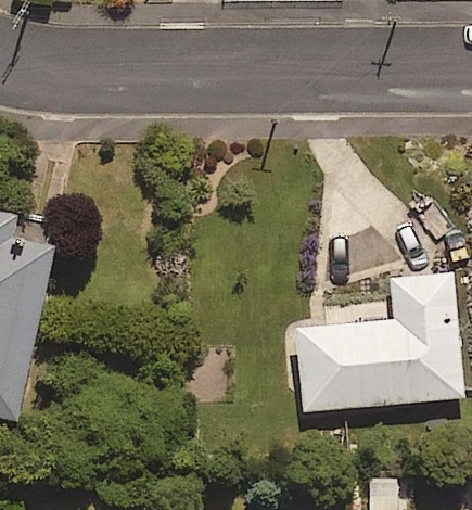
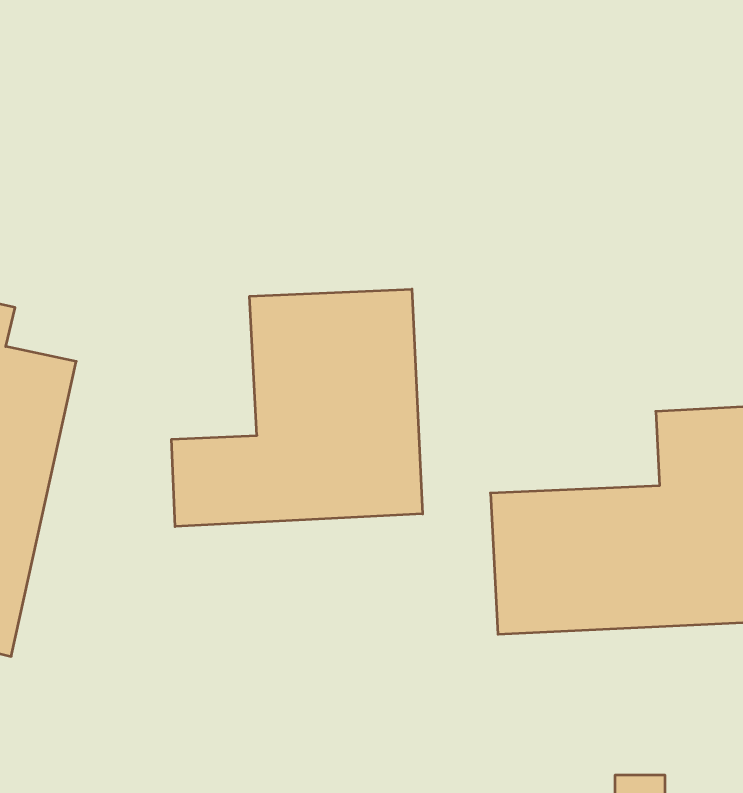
building: none -> [172,289,423,527]

